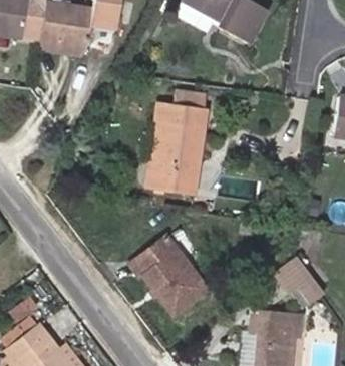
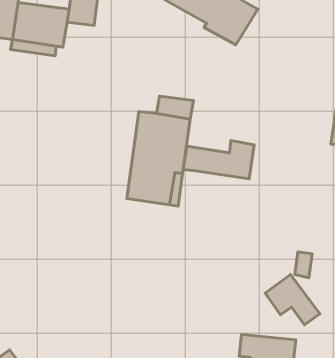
building: none -> [183,141,254,179]
building: [135,239,206,313] -> none

